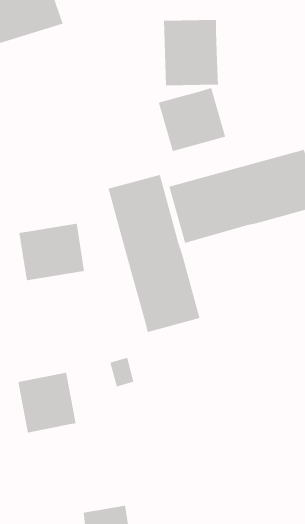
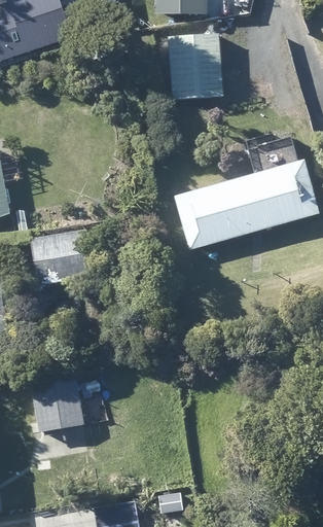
building: [158,87,226,152] -> none
building: [108,174,200,333] -> none

